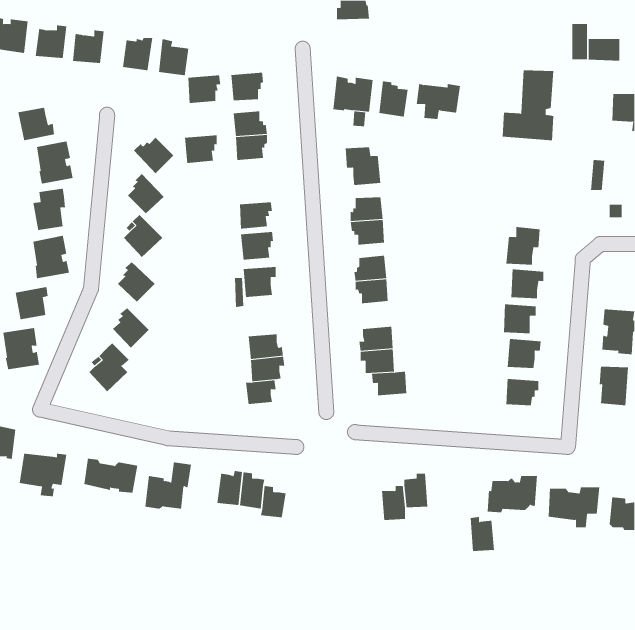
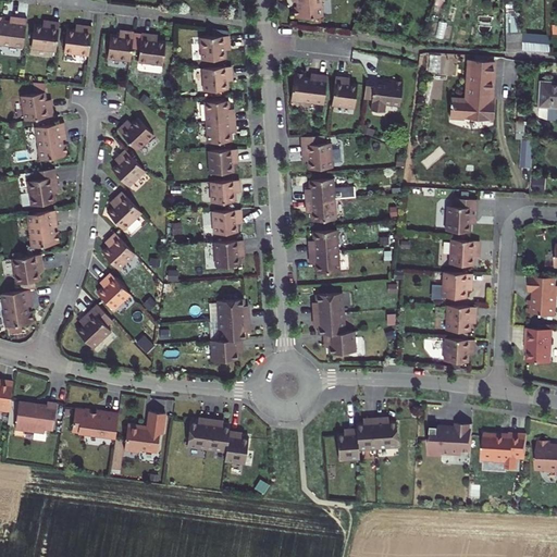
building: [187,75,221,104] -> [199,38,228,63]
building: [184,135,218,163] -> [207,151,236,176]
building: [470,517,495,551] -> [372,418,394,448]

